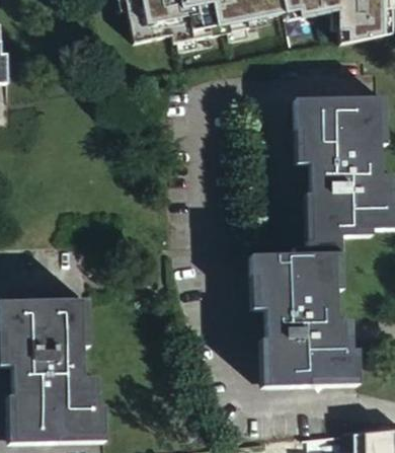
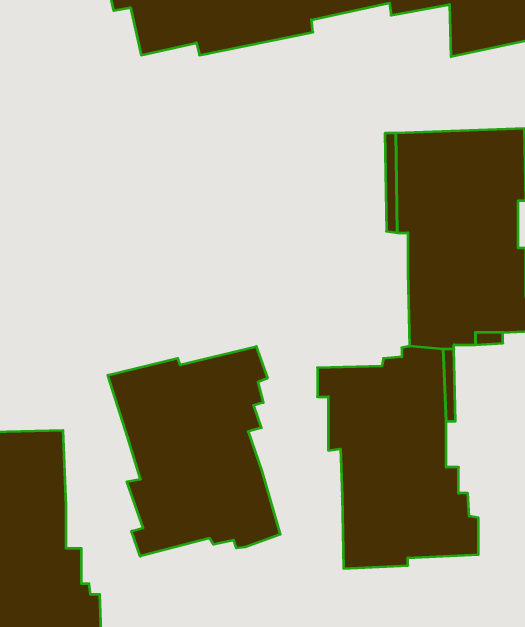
building: none -> [108,346,280,556]

